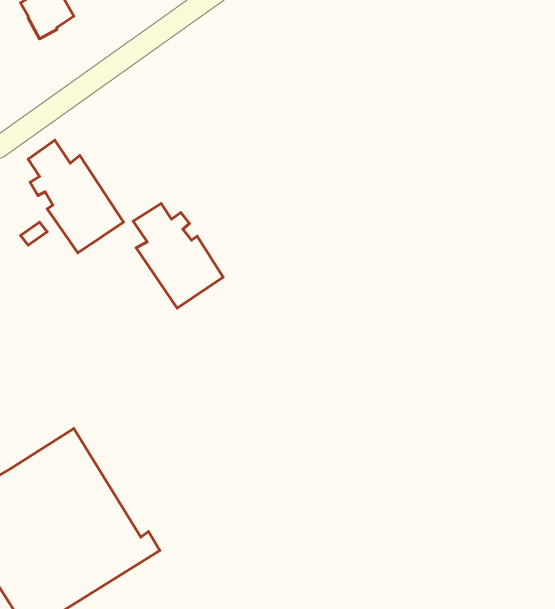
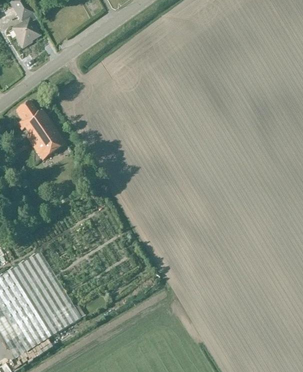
building: [133,203,223,308] -> none

